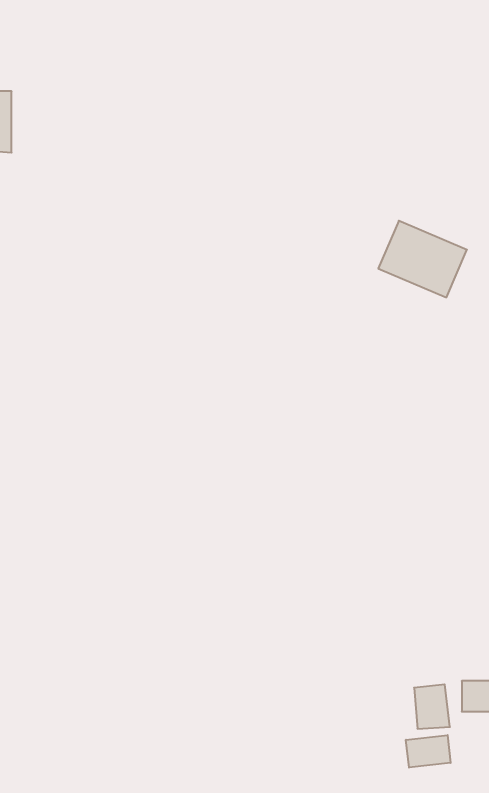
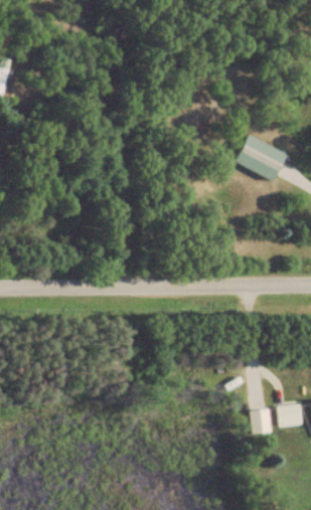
building: [406,735,451,768] -> none

